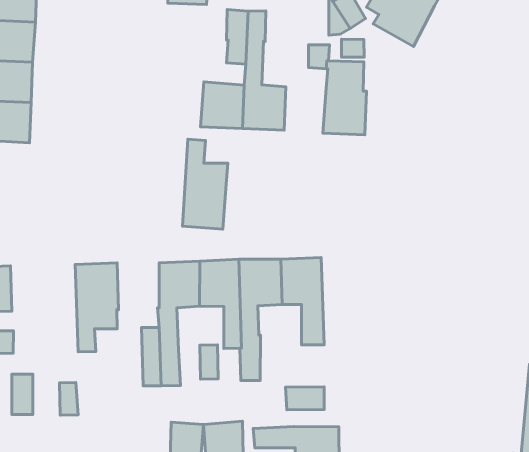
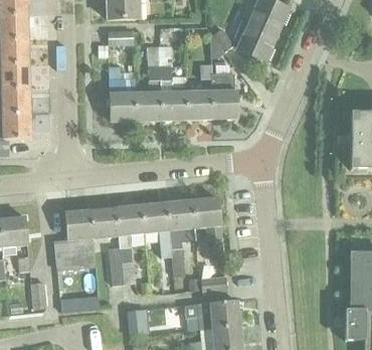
building: none -> [187,91,212,119]
building: [183,139,228,229] -> [110,66,136,121]
building: none -> [90,207,119,238]

